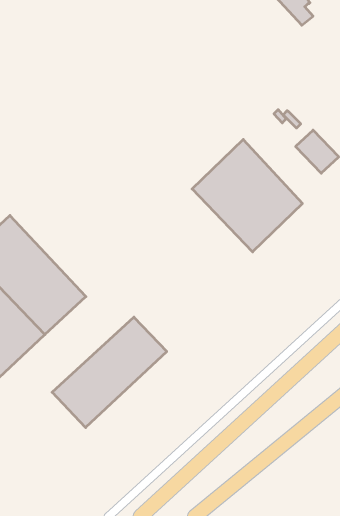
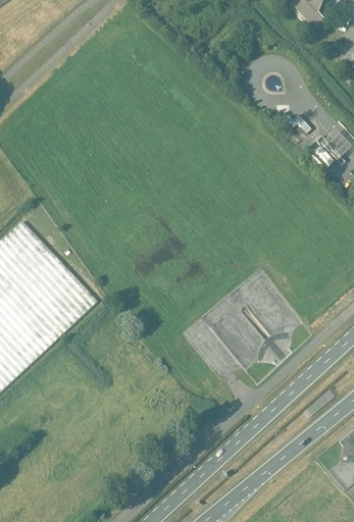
building: [192,139,302,252] -> none
building: [52,317,167,428] -> none

